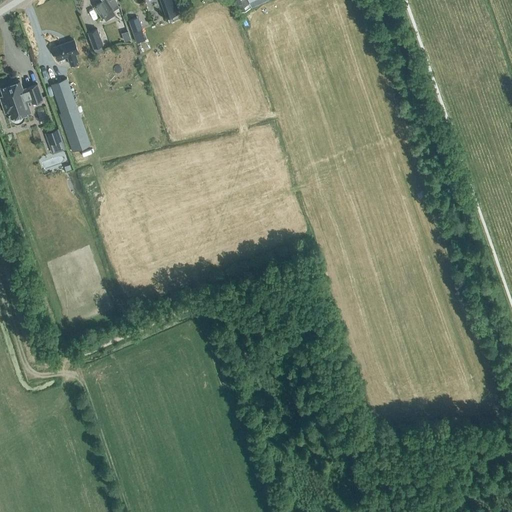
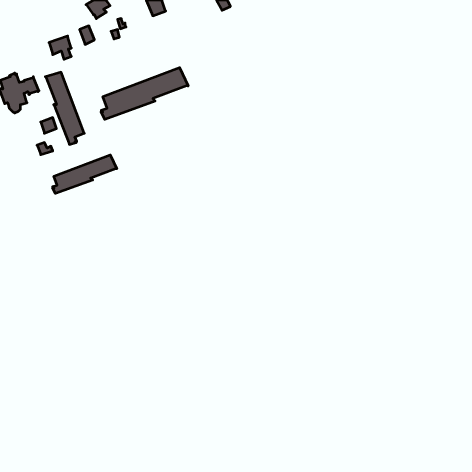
building: none -> [101,68,188,119]
building: none -> [53,155,117,193]

